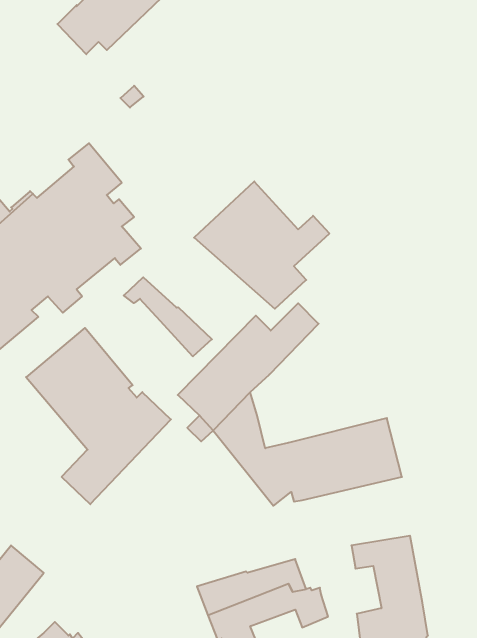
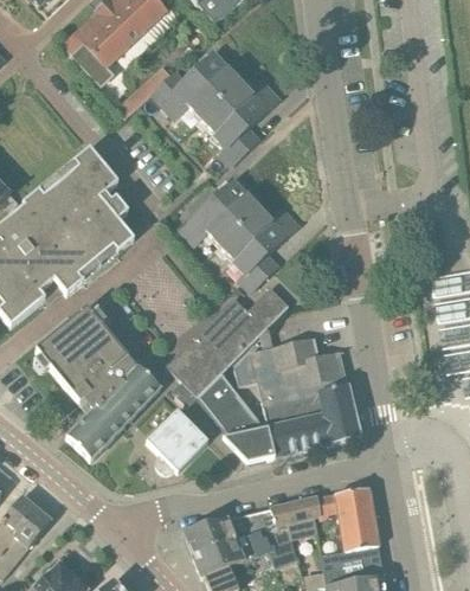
building: none -> [150,53,278,163]
building: [124,277,212,356] -> none
building: none -> [230,336,343,406]
building: none -> [148,404,207,471]
building: none -> [269,495,321,538]

